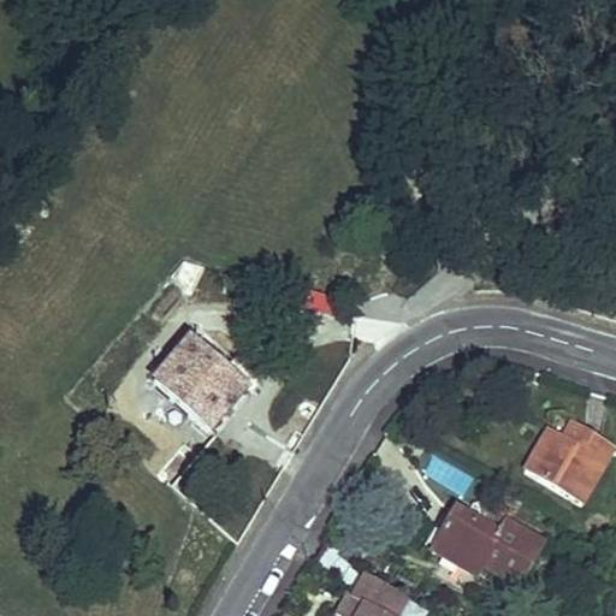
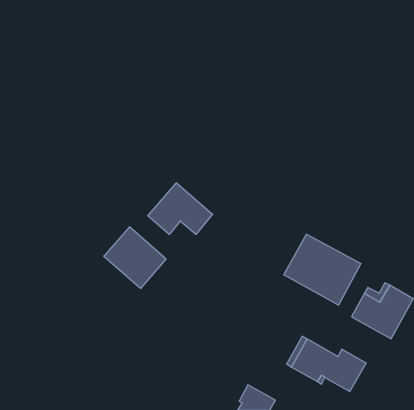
building: none -> [148,183,213,234]
building: none -> [284,234,361,305]

